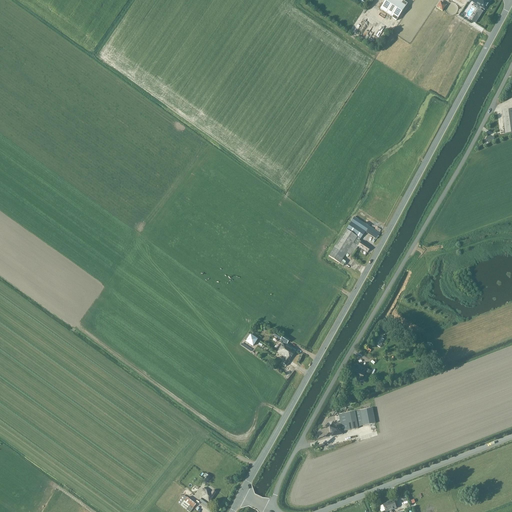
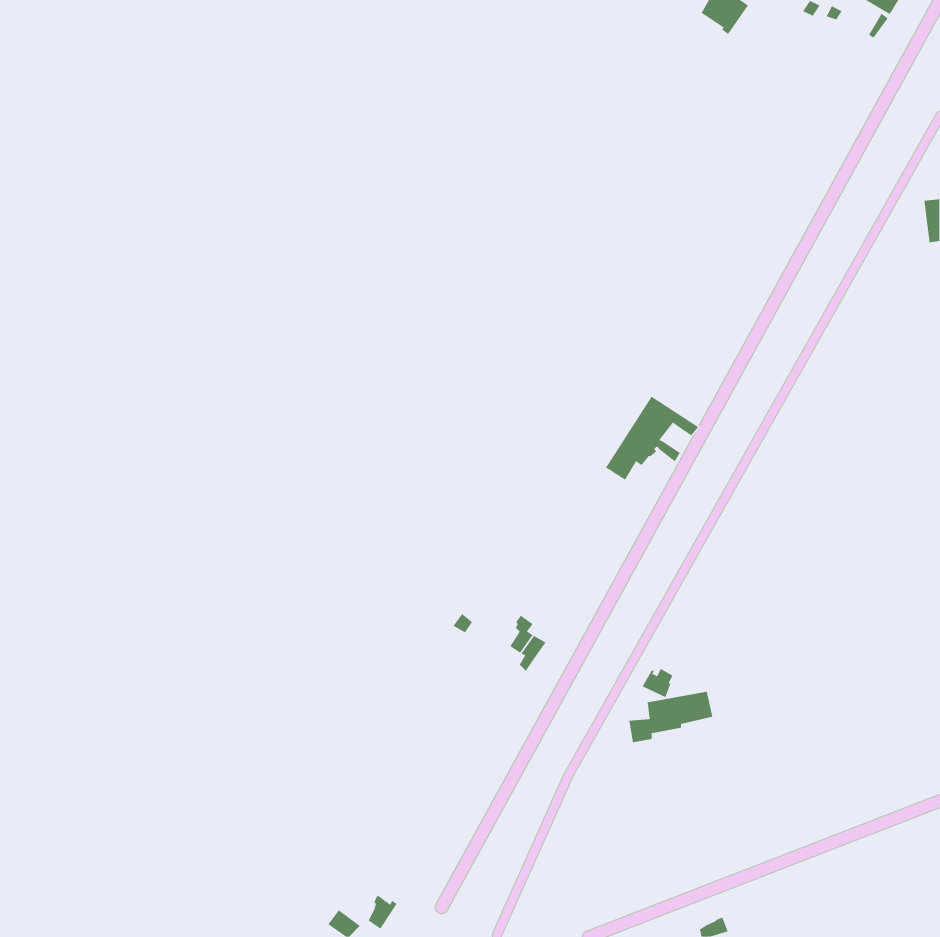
building: [329,407,375,435] -> [629,691,713,743]

